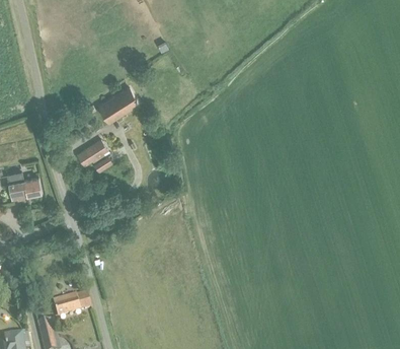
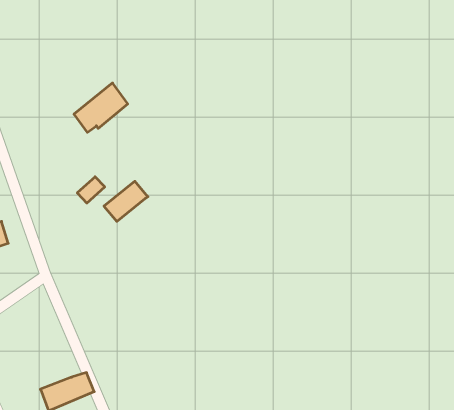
building: [75,136,107,163] -> [104,181,148,221]

